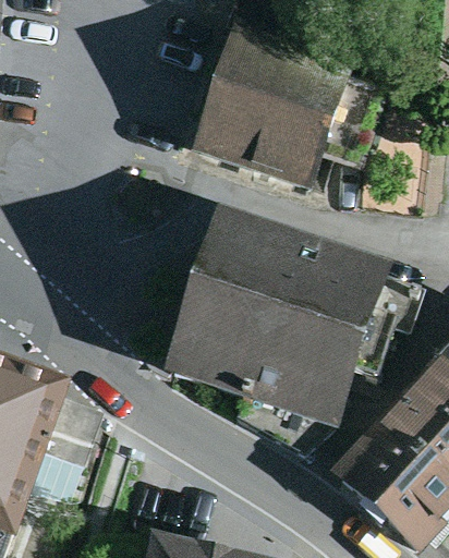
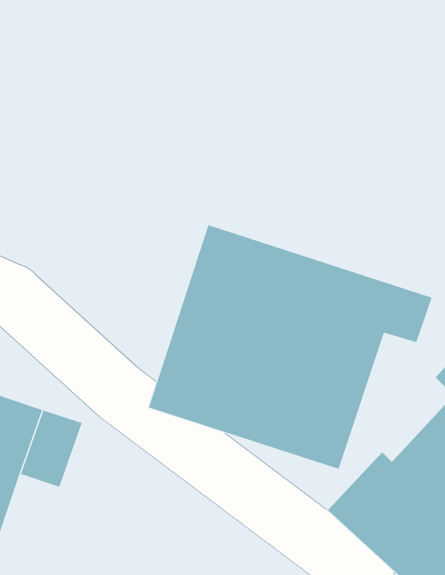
building: [192,29,352,193] -> none

